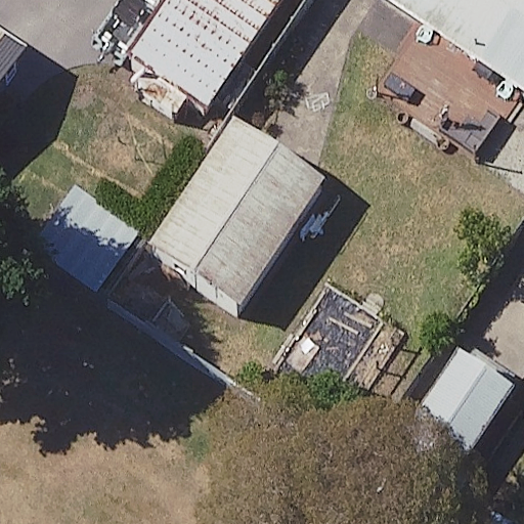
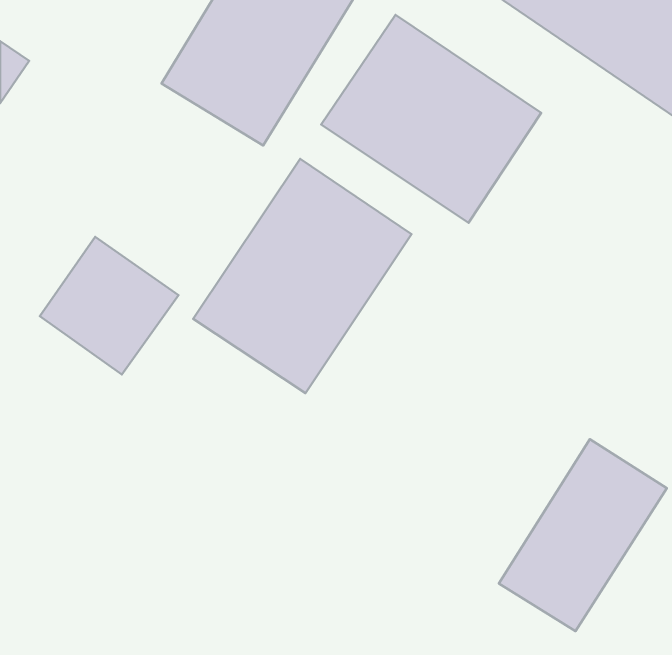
building: none -> [321,15,541,223]

